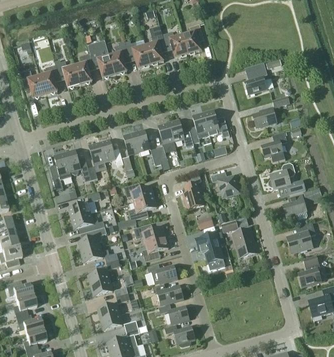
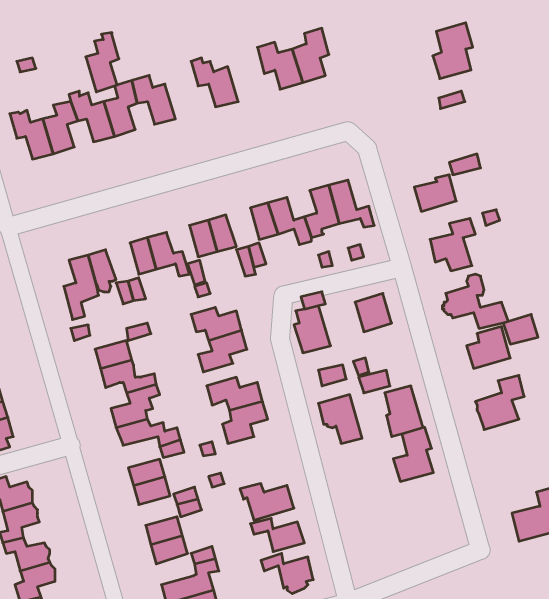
building: [145,26,166,65] -> none
building: [109,41,128,75] -> [86,33,119,92]
building: [244,62,267,94] -> [433,23,473,79]
building: [298,255,321,286] -> [393,427,433,481]
building: [147,263,177,284] -> none

